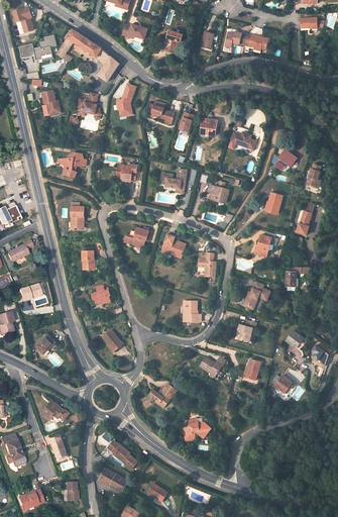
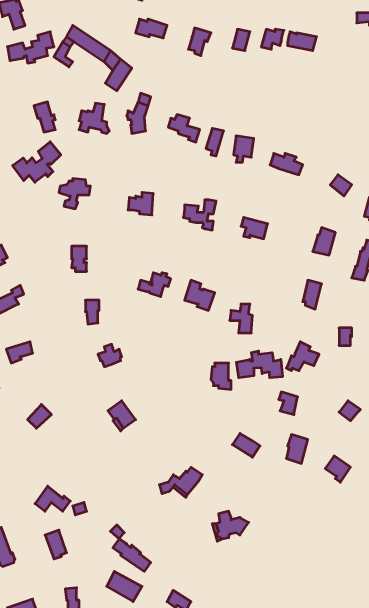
building: none -> [13,142,61,182]
building: none -> [236,351,282,378]

